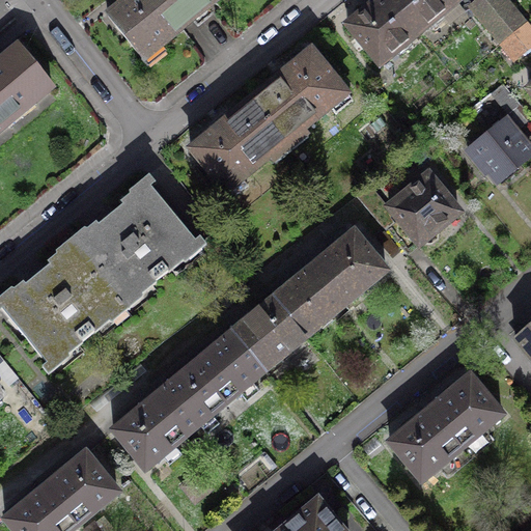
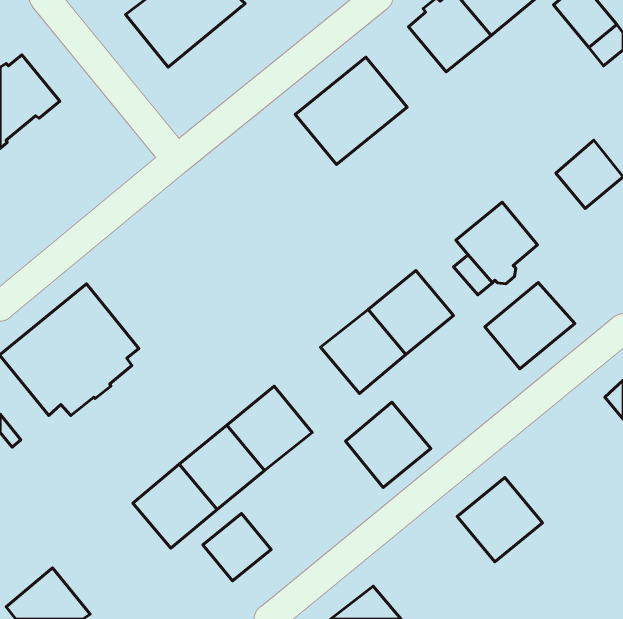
building: [190,97,286,190] -> none
building: [74,181,190,297] -> none
building: none -> [485,283,575,369]
building: [233,296,306,368] -> [345,402,431,487]
building: [429,373,502,445] -> none
building: none -> [203,514,271,581]
building: [45,450,117,523] -> none

